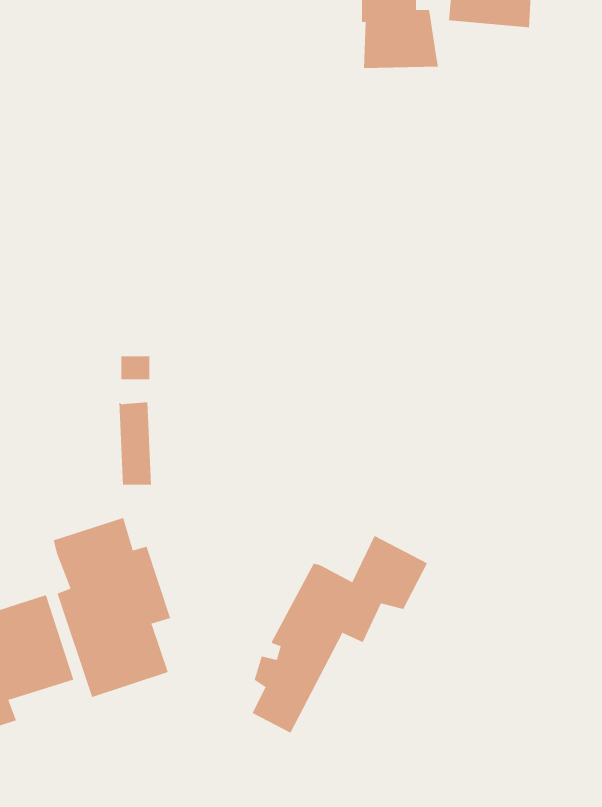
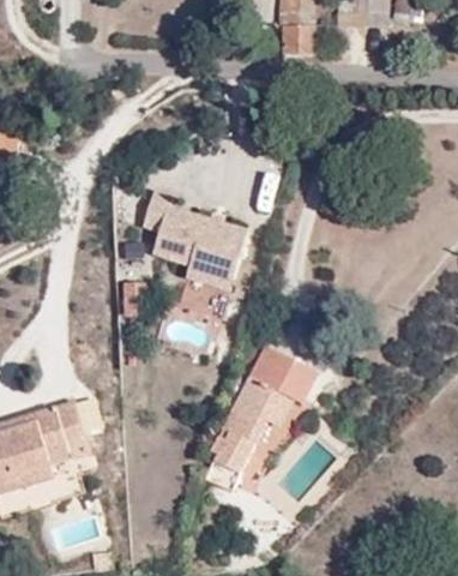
building: none -> [140,188,249,292]
building: [53,517,171,698] -> none

